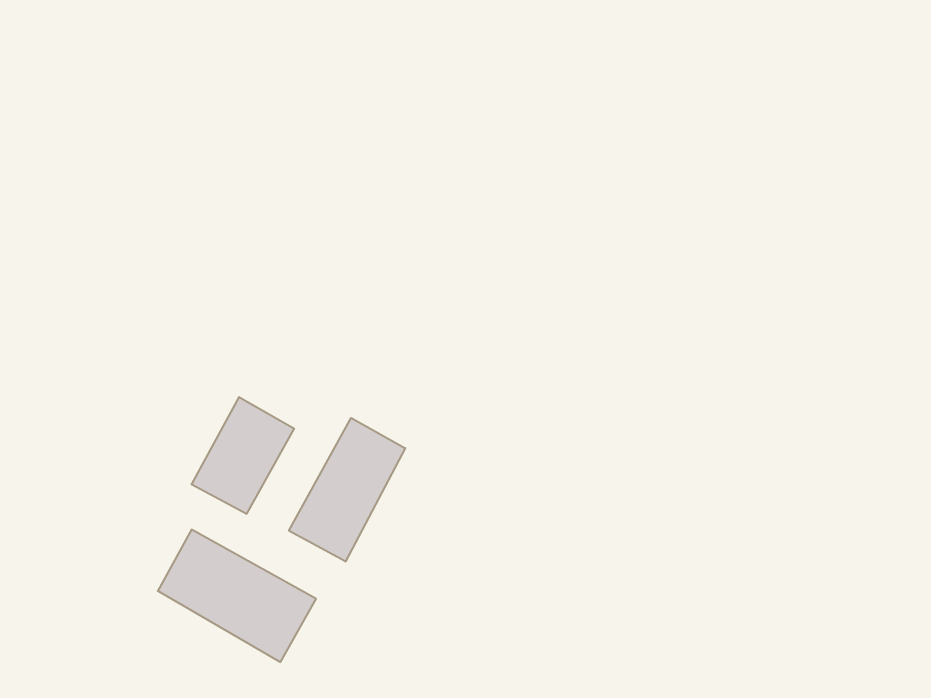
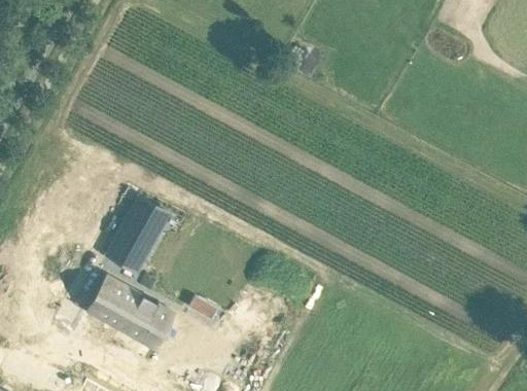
building: [289,418,405,562] -> none

